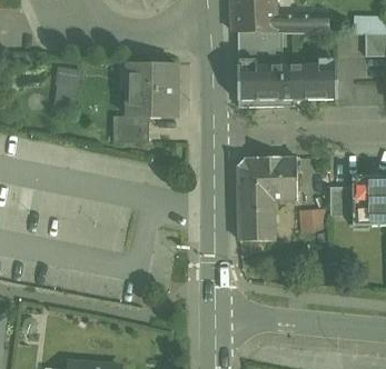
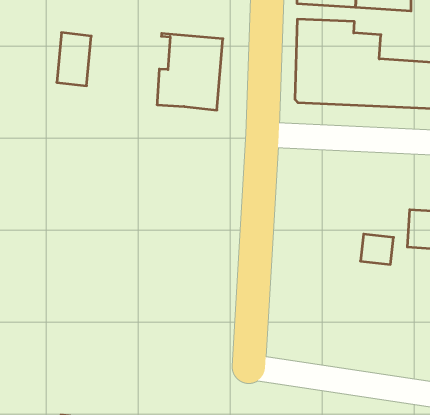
building: [113,113,150,141] -> none
building: [237,153,298,239] -> none

